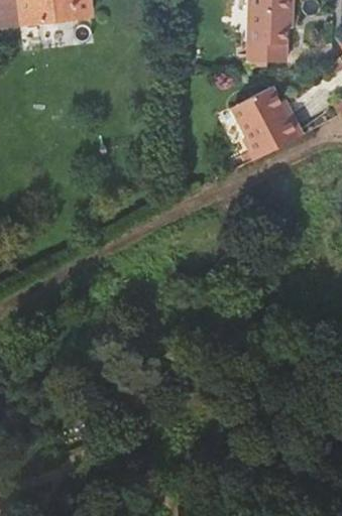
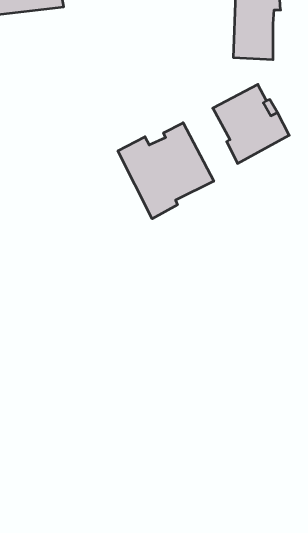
building: none -> [118,123,214,219]

